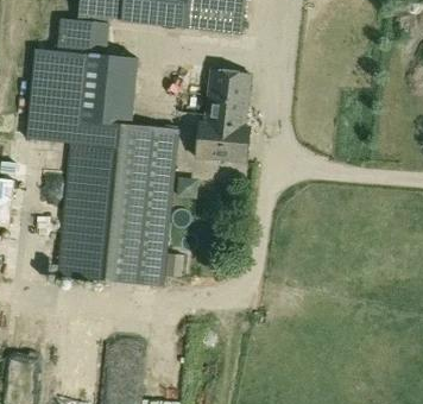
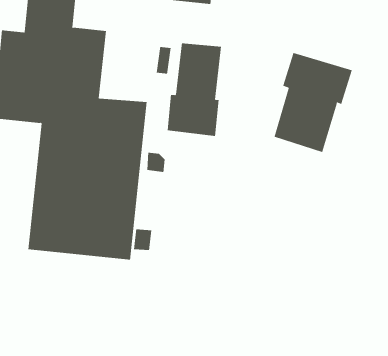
building: none -> [274,52,353,153]

